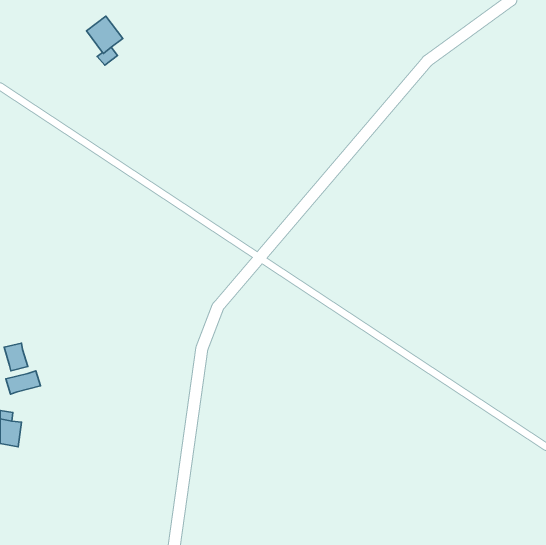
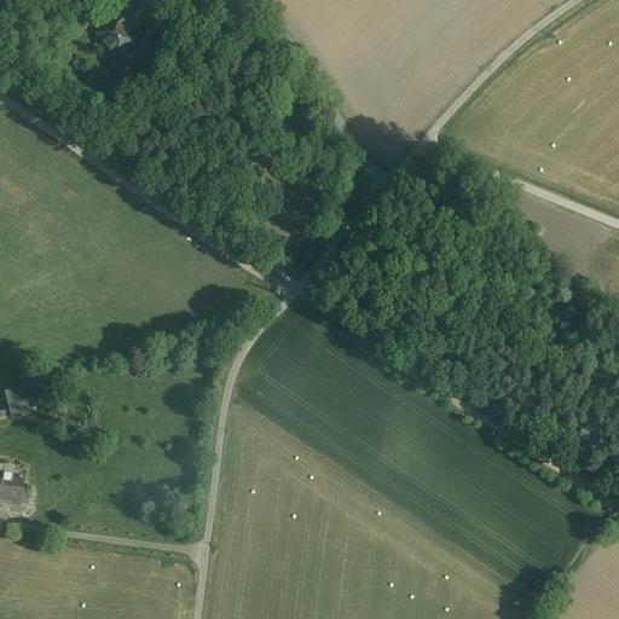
building: [6,371,40,394] -> none

